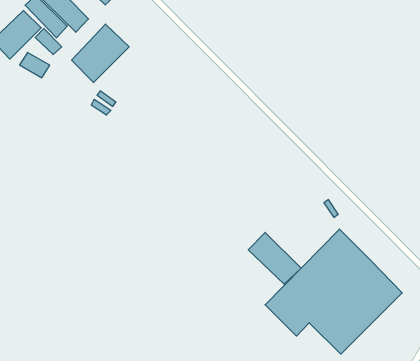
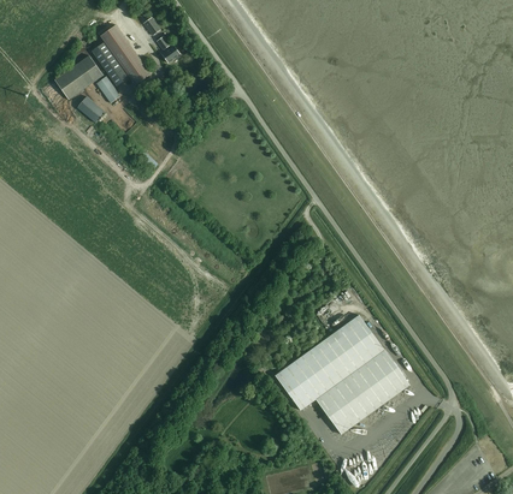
building: [72,24,129,83] -> none
building: [248,232,301,284] -> none

